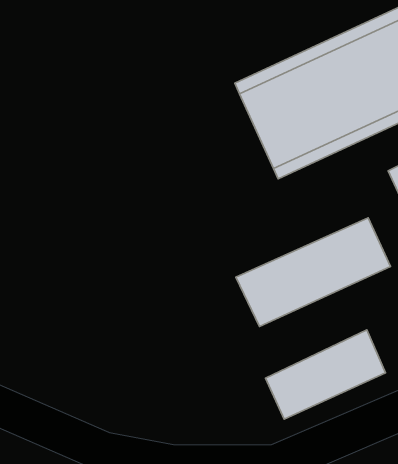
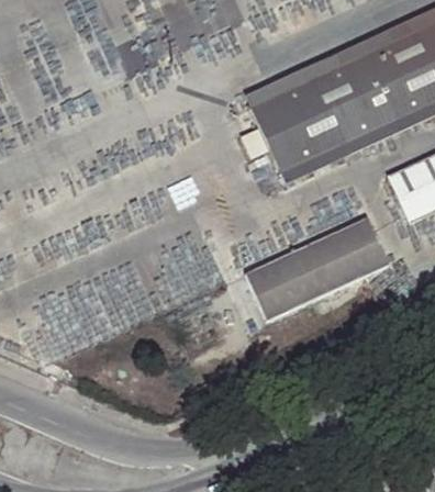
building: [265,330,386,419] -> none

